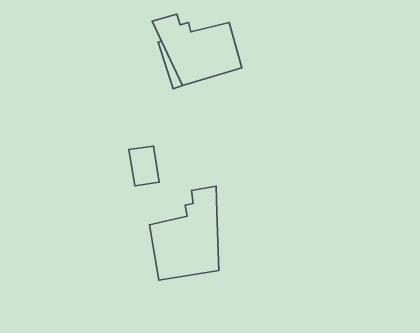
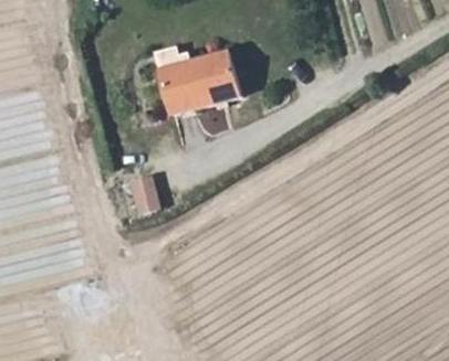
building: [149,186,219,280] -> none

